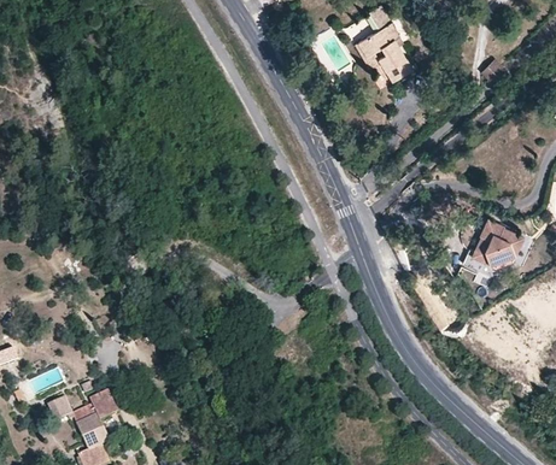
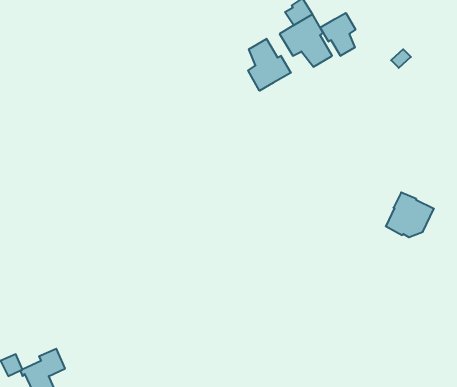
building: none -> [320,13,355,56]
building: none -> [248,39,291,91]

